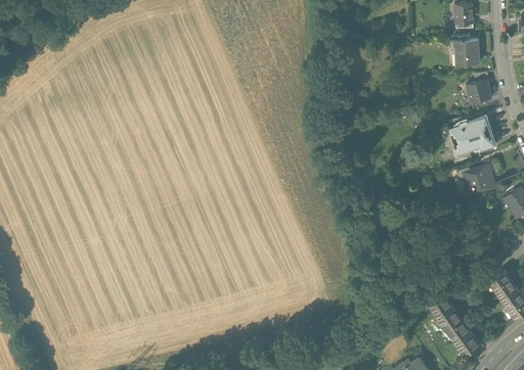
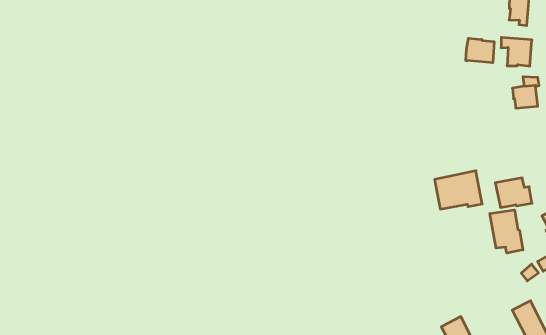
building: none -> [466,38,494,63]
building: [448,118,493,155] -> [435,171,482,209]
building: none -> [490,210,523,253]

